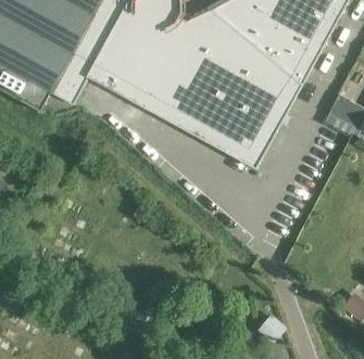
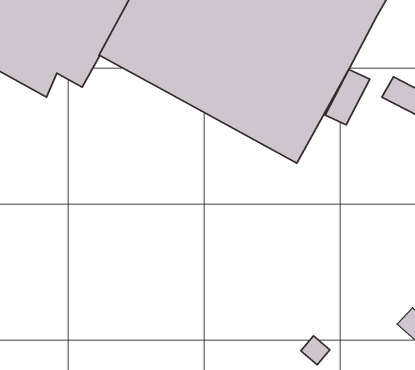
building: none -> [325,69,370,125]

